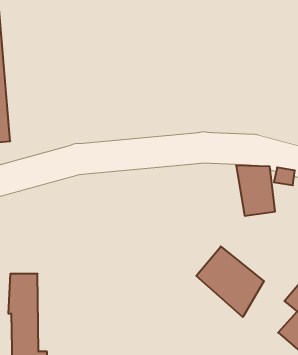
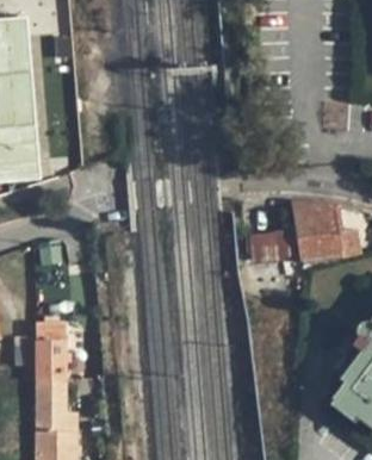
building: none -> [244,226,293,261]
building: [196,246,264,317] -> none

